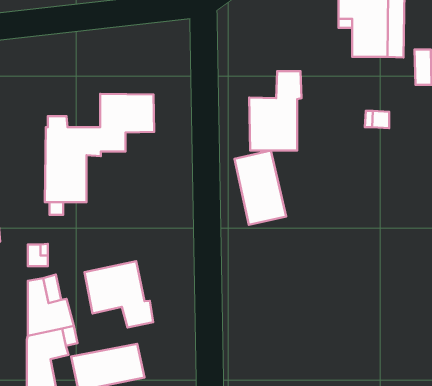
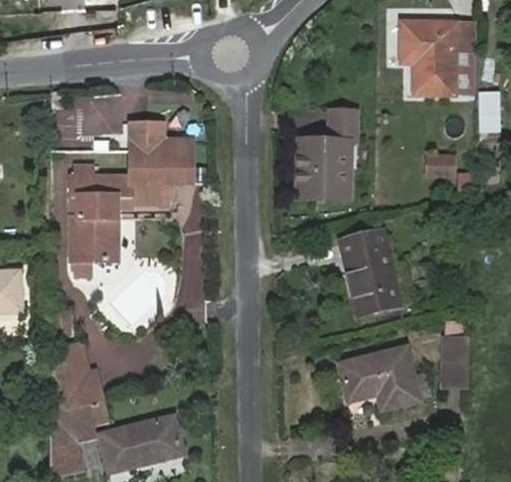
building: [235,151,286,225] -> [344,232,401,315]
building: [85,261,153,328] -> none
building: none -> [445,338,470,388]
building: none -> [341,348,420,409]

